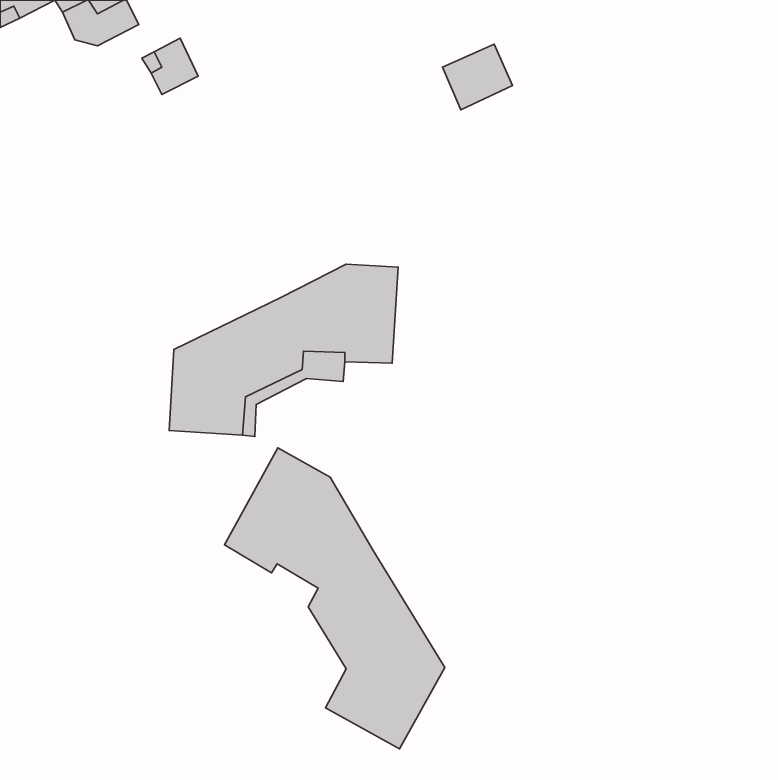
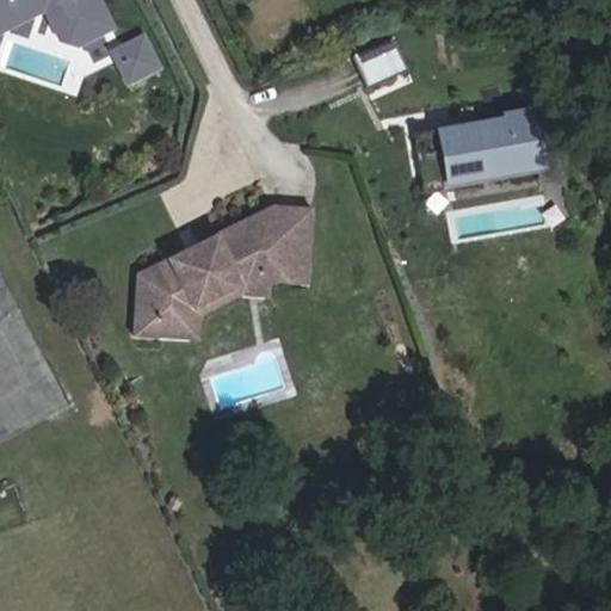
building: none -> [408,107,535,177]
building: [225,448,445,749] -> none

